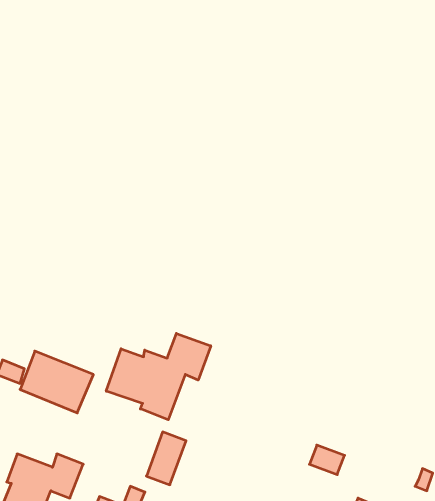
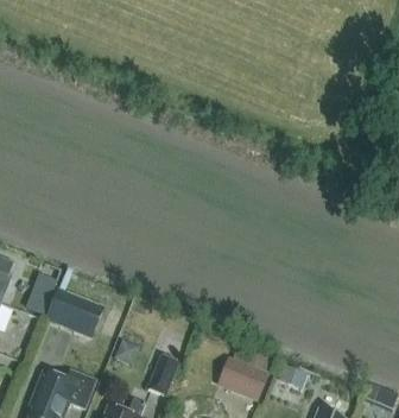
building: [106,333,211,420] -> none
building: none -> [217,340,274,400]

